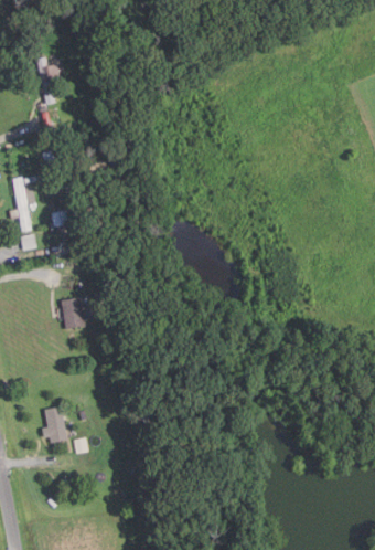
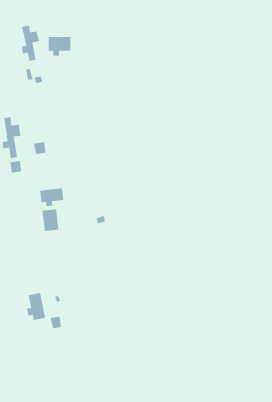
building: none -> [48,36,71,56]
building: none -> [40,187,64,207]

